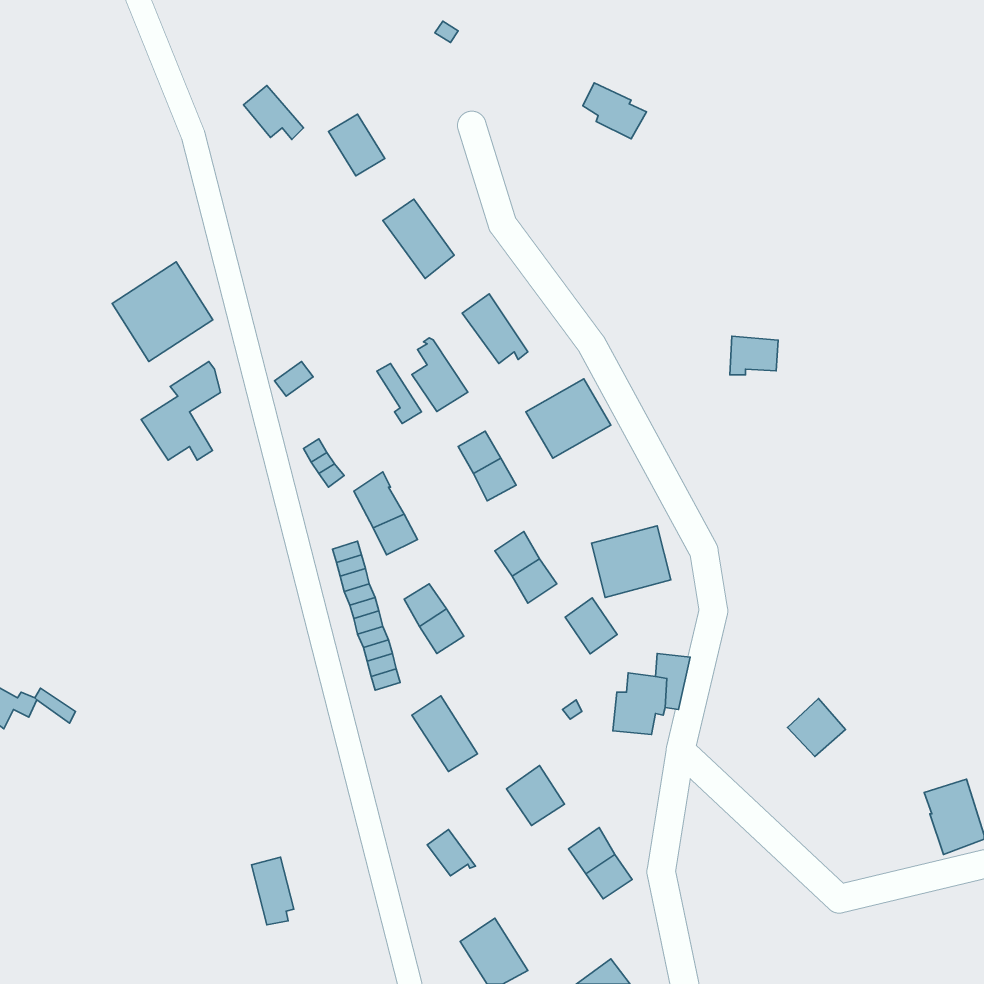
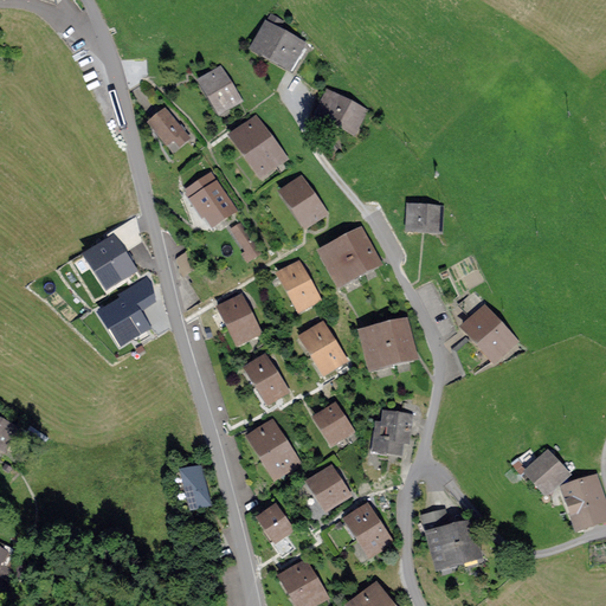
building: none -> [256,26,304,67]
building: [583,83,646,139] -> [320,92,359,127]
building: [244,85,303,140] -> [149,110,186,143]
building: [112,262,213,361] -> none
building: [730,336,778,375] -> [407,205,437,228]
building: [412,338,468,411] -> [195,176,230,221]
building: none -> [103,279,152,340]
building: none -> [469,308,512,356]
building: [565,598,617,654] -> [316,405,348,439]
building: [788,698,846,756] -> [529,452,565,488]
building: none -> [426,512,476,563]
building: [251,857,294,925] -> [180,466,206,508]

